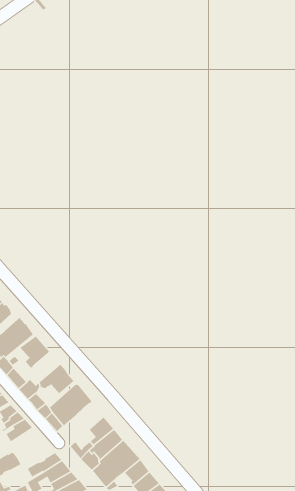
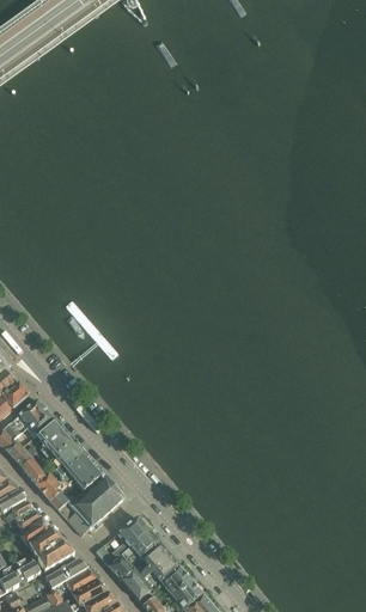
building: none -> [55,439,85,475]
building: none -> [29,528,74,569]

